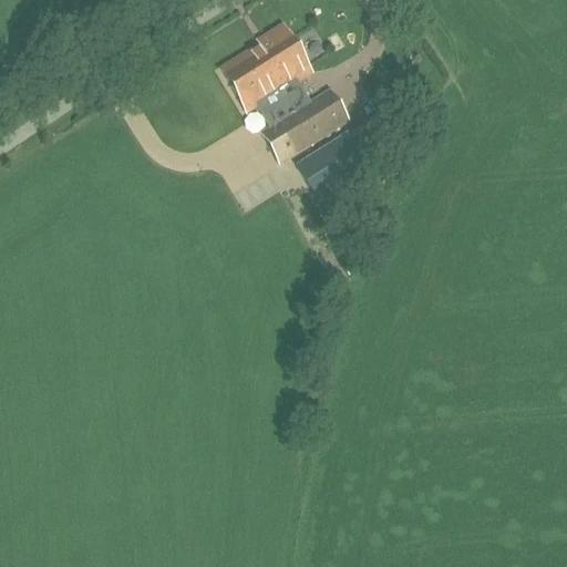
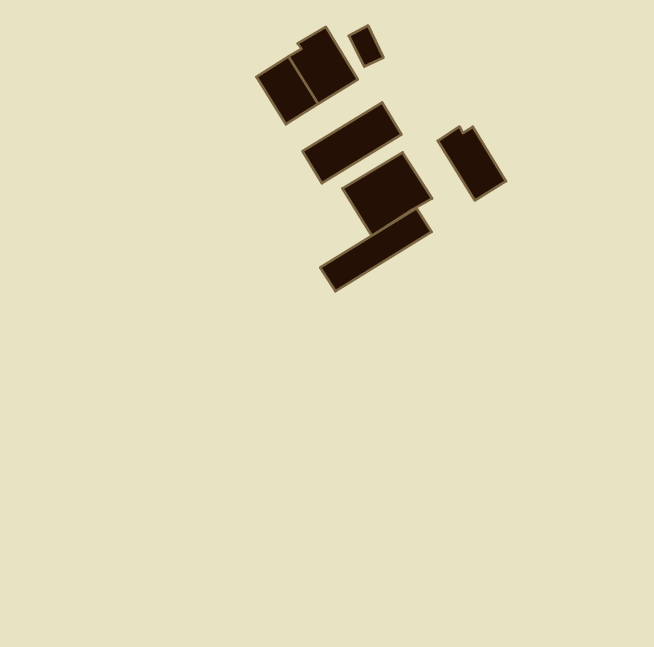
building: none -> [438,127,506,200]
building: none -> [320,208,432,291]

